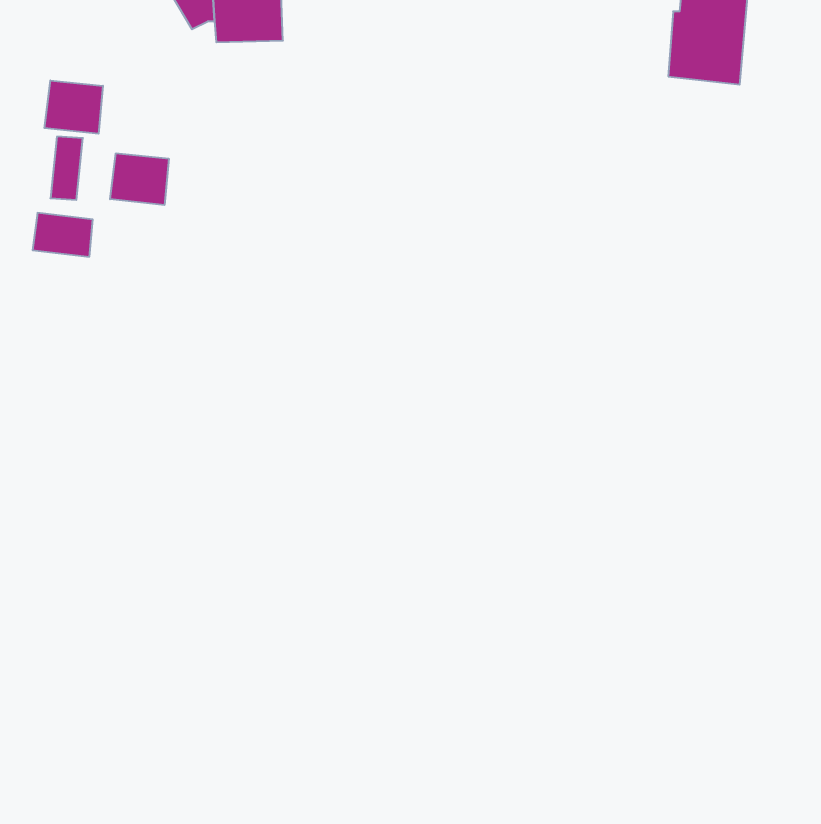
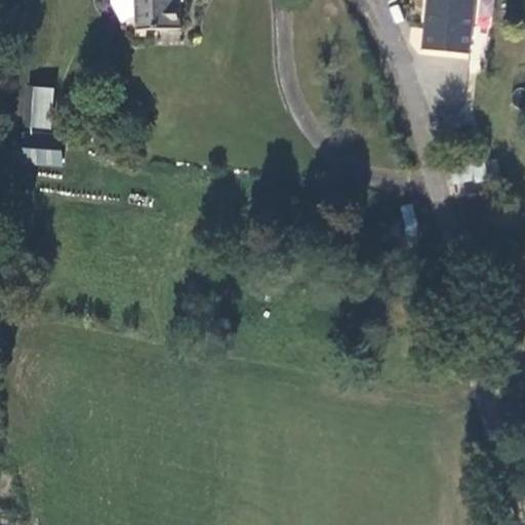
building: [44,80,103,134] -> none
building: [110,153,169,205] -> none

